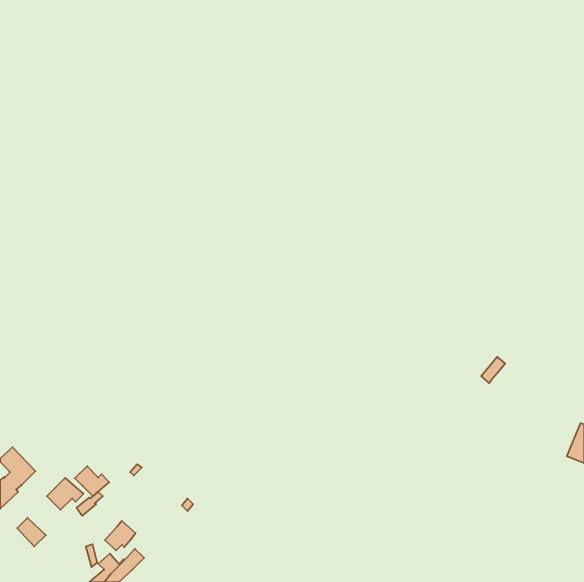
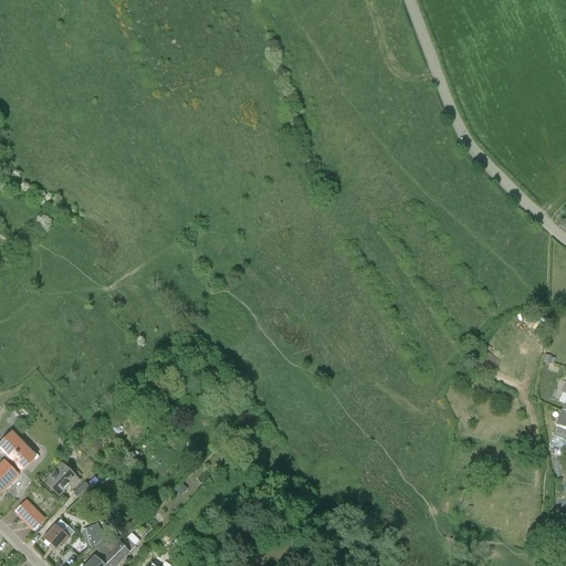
building: [75,466,109,496] -> none
building: [105,521,136,550] -> [44,518,74,547]

